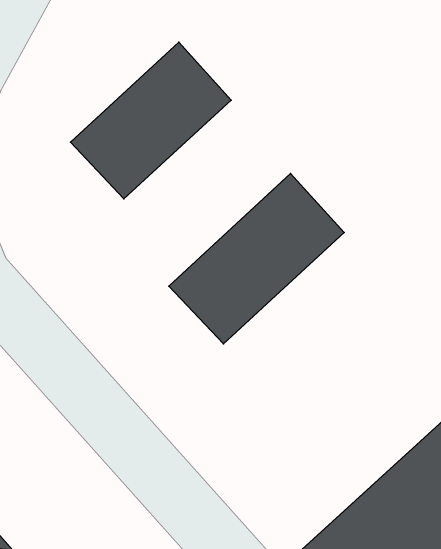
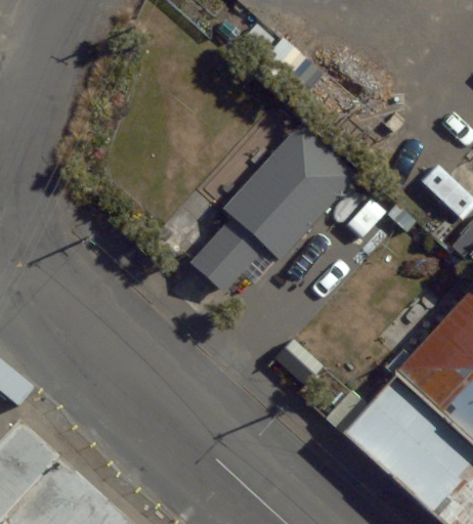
building: [71,42,231,199] -> none

